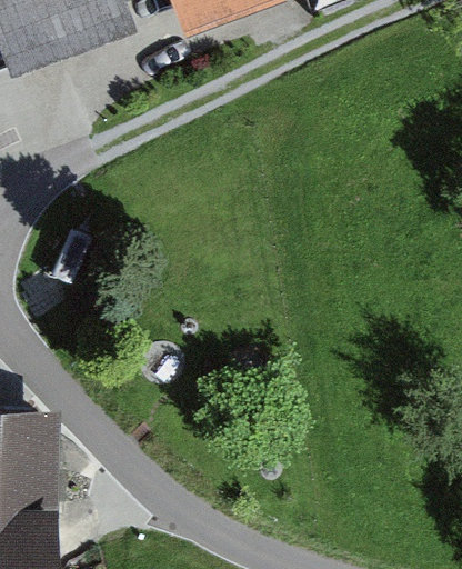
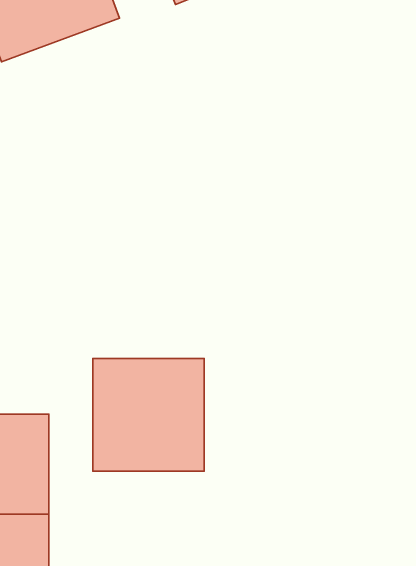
building: none -> [93,358,204,471]

